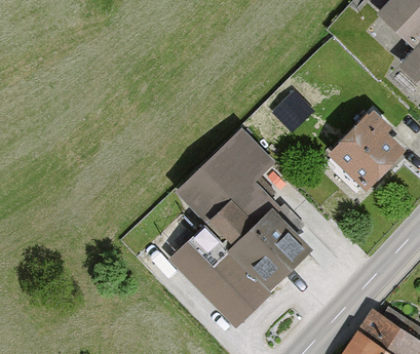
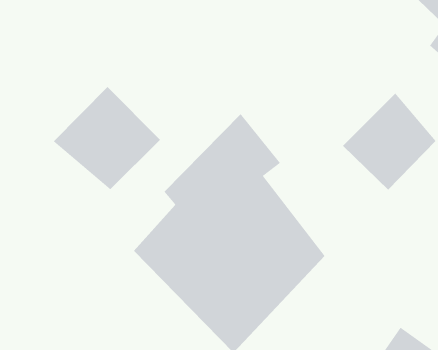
building: none -> [53,86,161,190]

